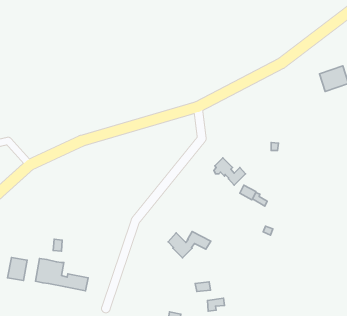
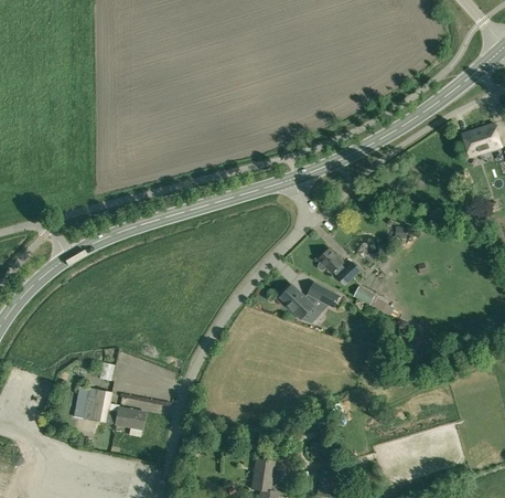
building: [168,231,211,258] -> [281,282,340,318]
building: [8,257,27,281] -> none

